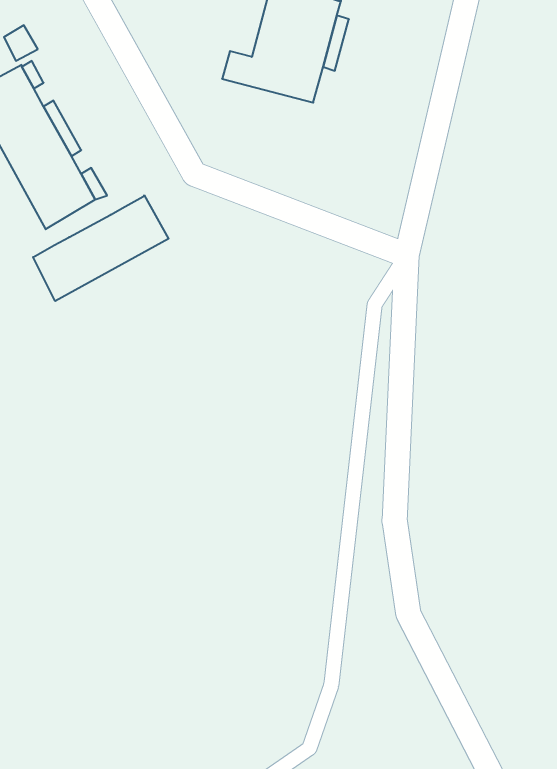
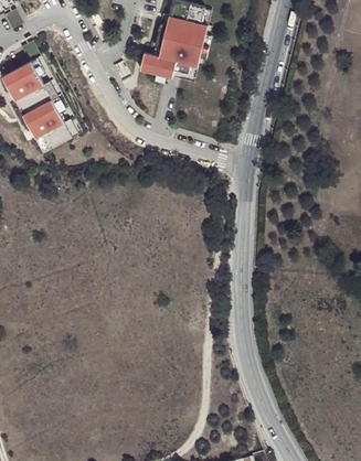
building: [33,195,169,301] -> none

